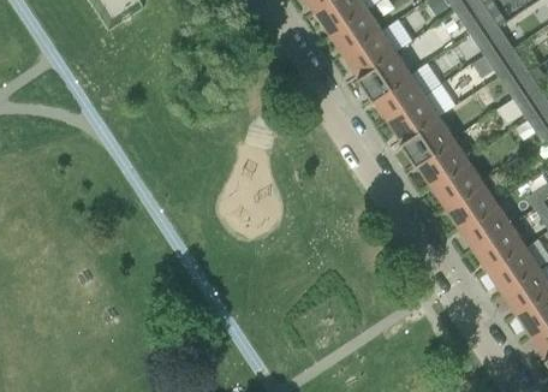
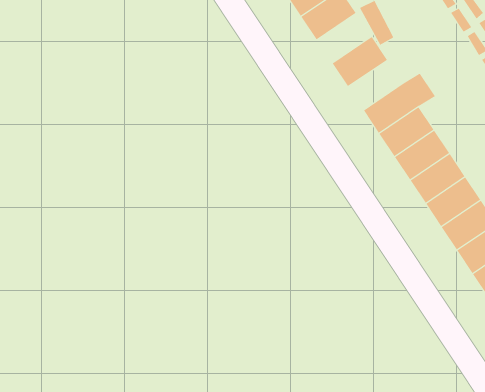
building: [345,30,397,77] -> none
building: [374,73,425,120] -> none

